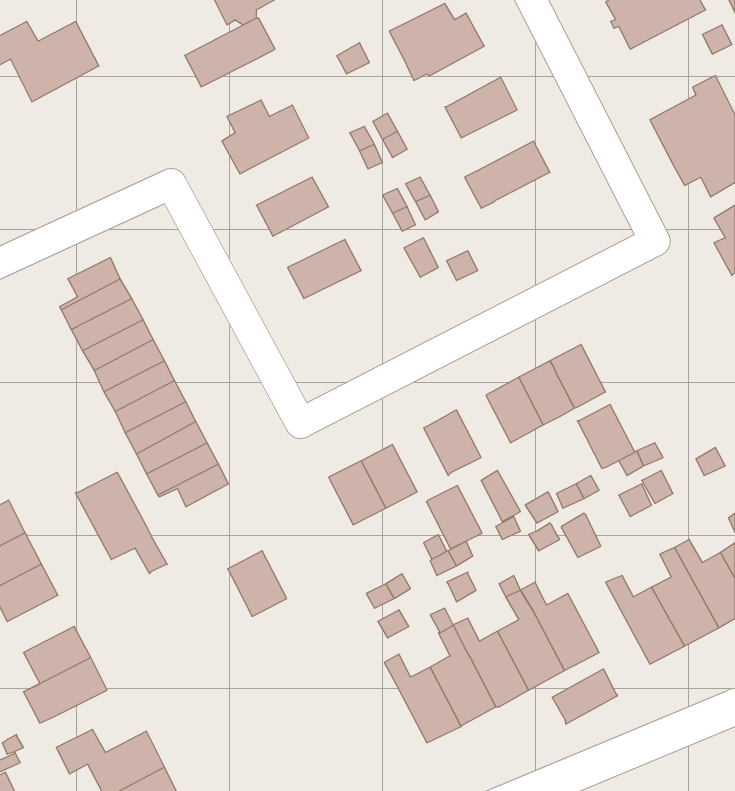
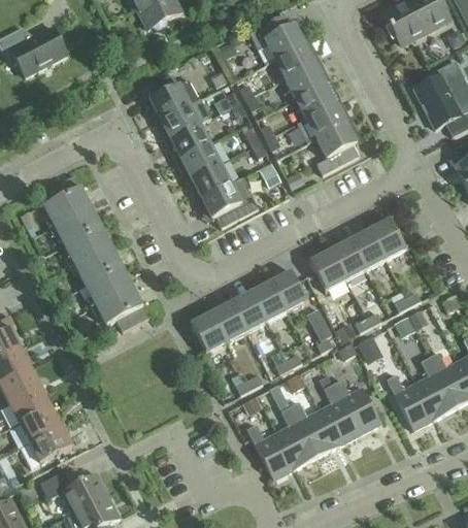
building: [185,18,275,87] -> [156,98,212,141]
building: none -> [274,41,320,79]
building: none -> [295,81,340,120]
building: none -> [315,121,362,175]
building: none -> [176,142,222,180]
building: none -> [196,176,259,228]
building: [577,405,635,468] -> [370,219,406,259]
building: [76,472,167,573] -> none
building: [426,486,482,549] -> [252,282,287,322]
building: [228,551,287,616] -> [190,312,227,354]
building: none -> [9,387,52,423]
building: [552,669,617,724] -> none

